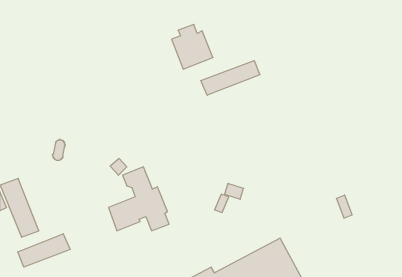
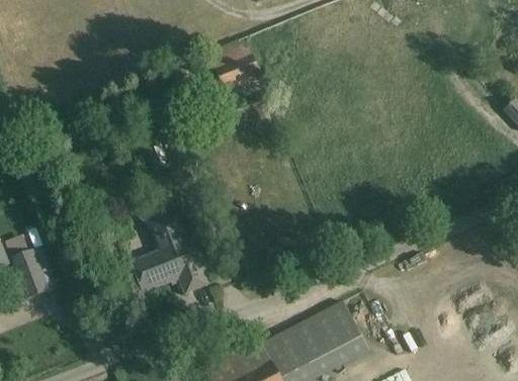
building: [201,61,260,95] -> none
building: [18,234,70,267] -> none

